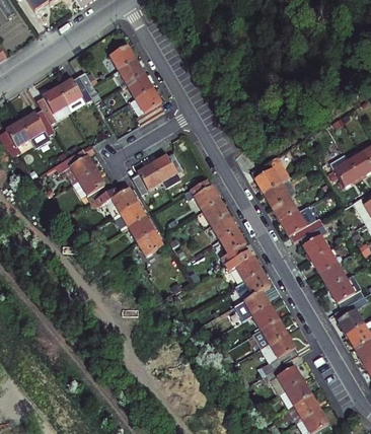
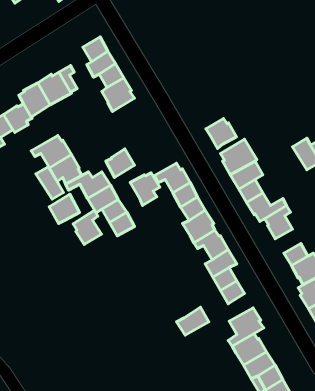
building: none -> [206,118,236,148]
building: [151,152,182,187] -> [130,173,160,206]
building: none -> [36,167,63,199]
building: none -> [49,194,79,223]
building: none -> [73,210,102,244]
building: [310,247,338,273] -> none
building: [252,315,287,345] -> [176,307,209,335]

